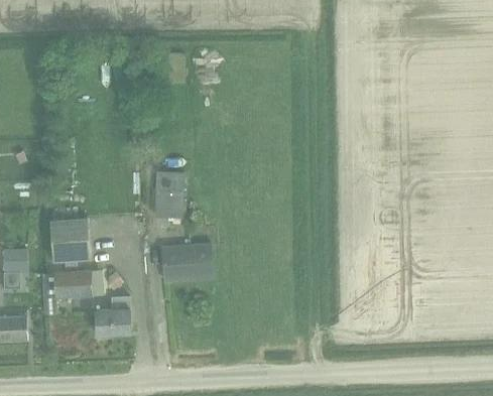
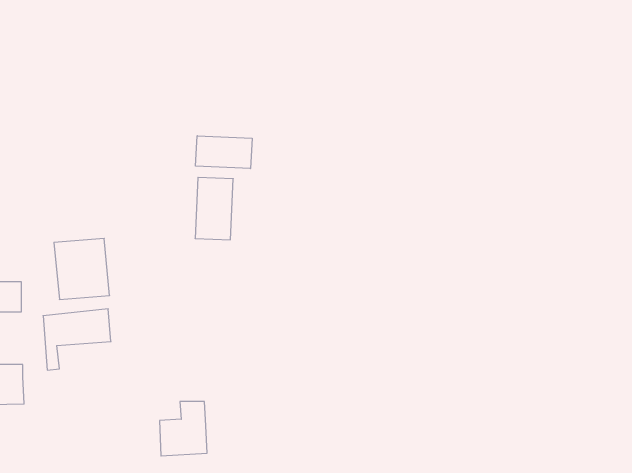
building: none -> [196,136,252,169]
building: [161,243,213,282] -> none
building: [95,296,130,337] -> [160,402,207,456]

